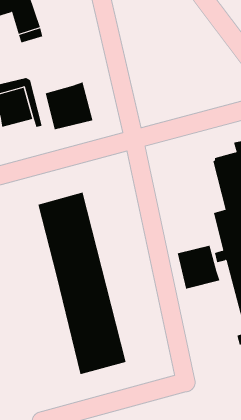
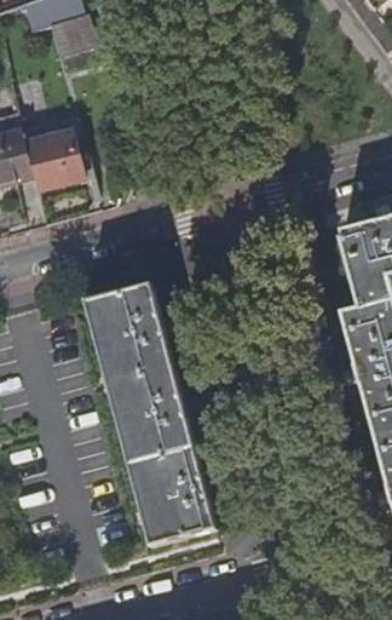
building: [45,81,93,130] -> none
building: [177,245,220,290] -> none

